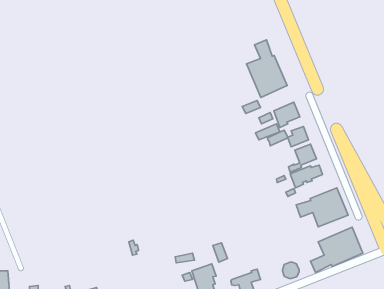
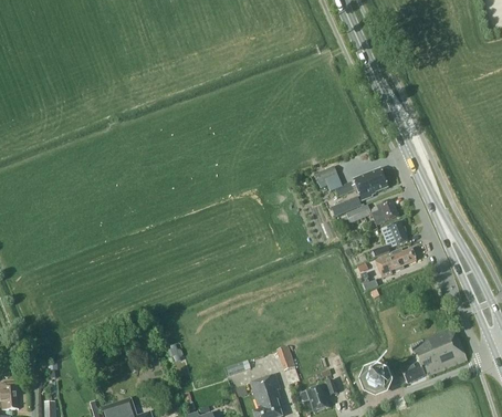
building: [247,40,287,98] -> none
building: [296,188,348,227] -> none

